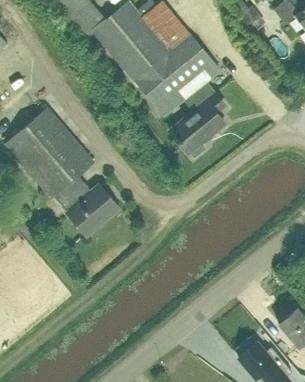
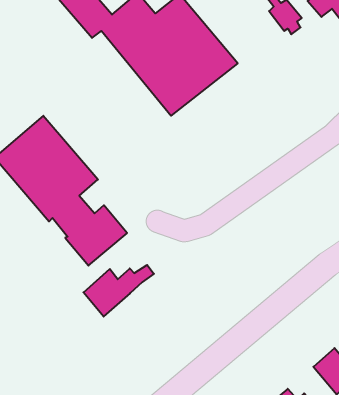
building: [170,84,225,158] -> none
building: none -> [83,265,154,317]

